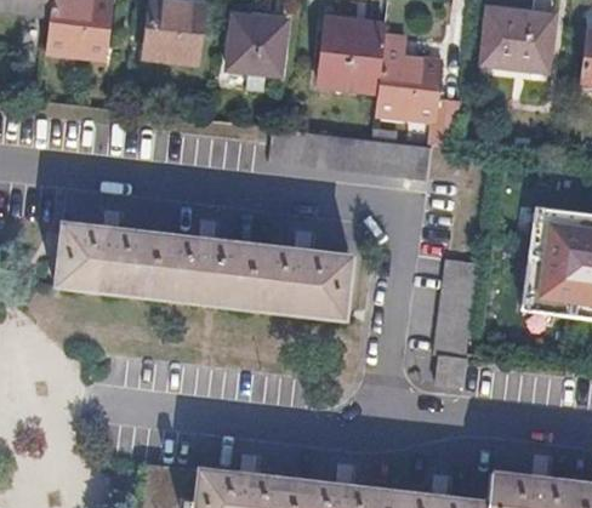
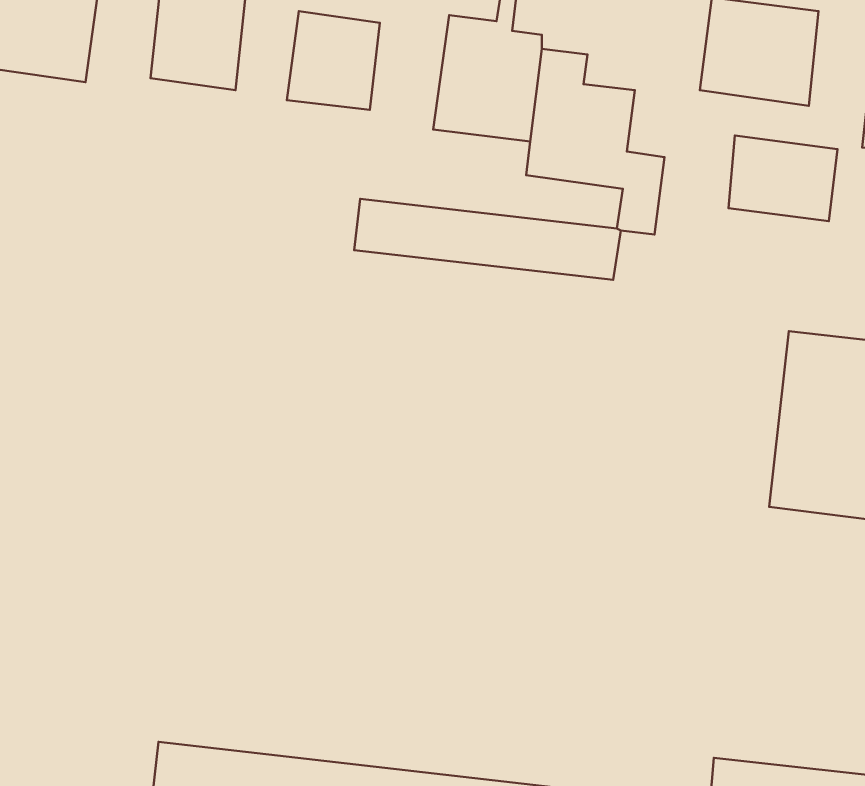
building: none -> [729,136,837,221]
building: [56,221,349,319] -> none
building: [434,258,480,387] -> none

